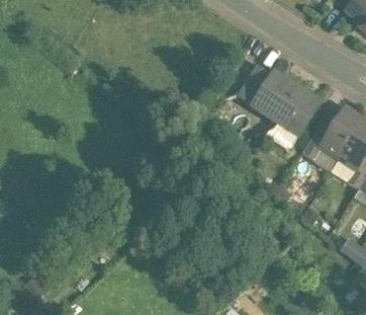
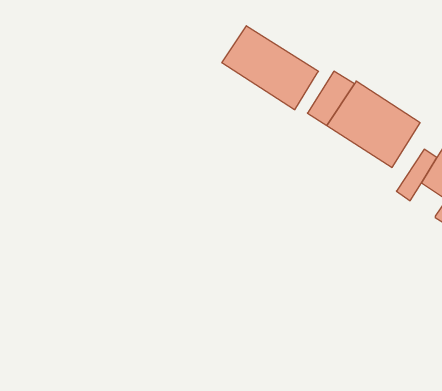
building: none -> [222,26,318,110]

